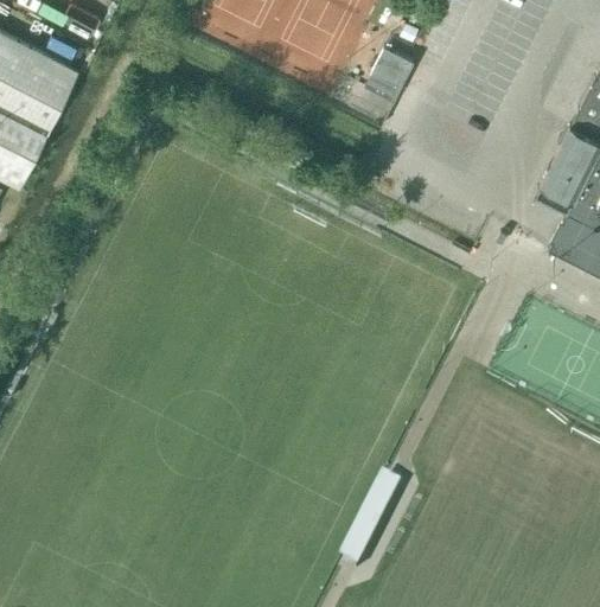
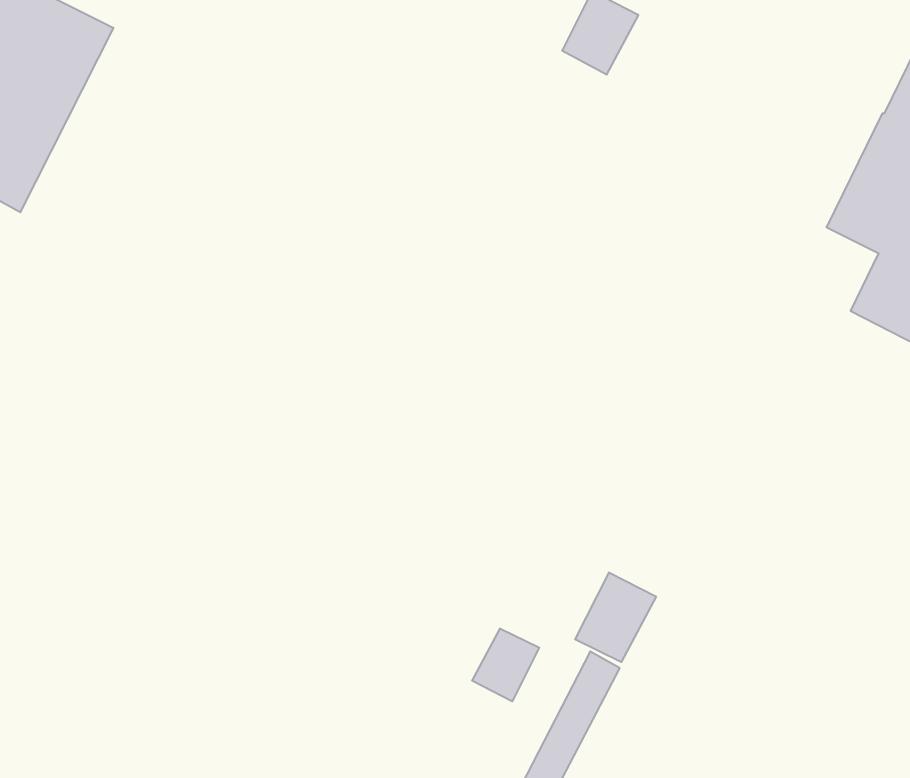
building: none -> [575,572,656,662]
building: none -> [472,628,539,701]

